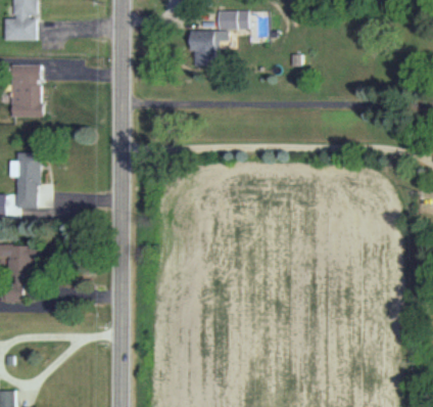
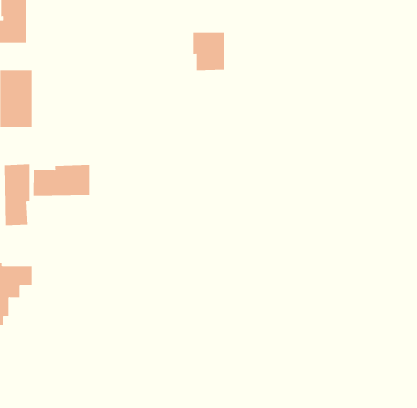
building: [216,11,247,30] -> none
building: none -> [33,164,90,196]

